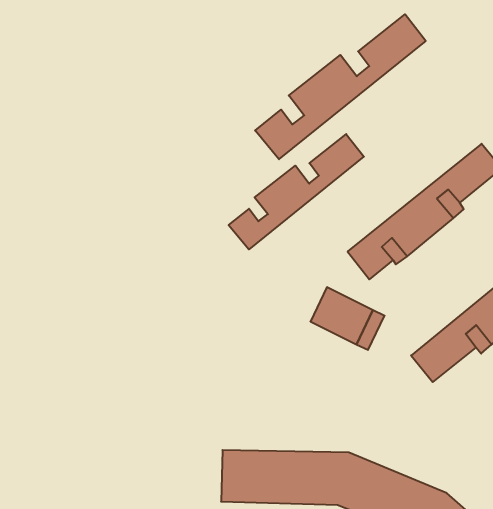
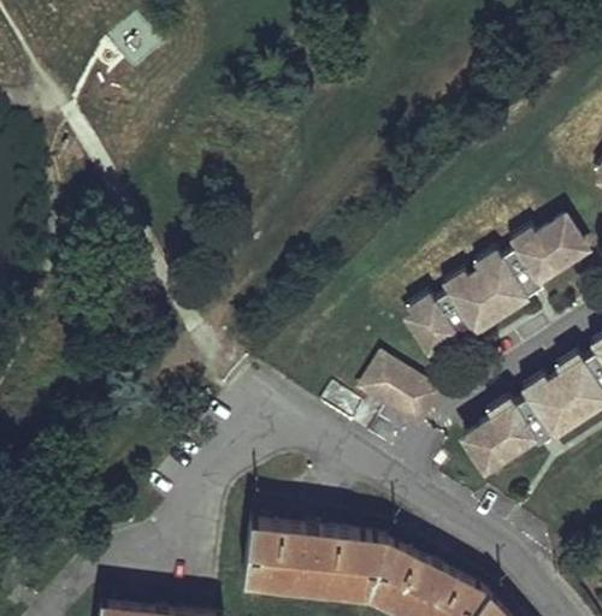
building: [255,14,426,159] -> none
building: [229,134,364,249] -> none

